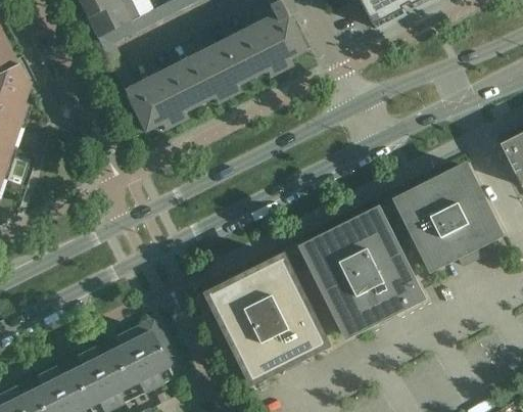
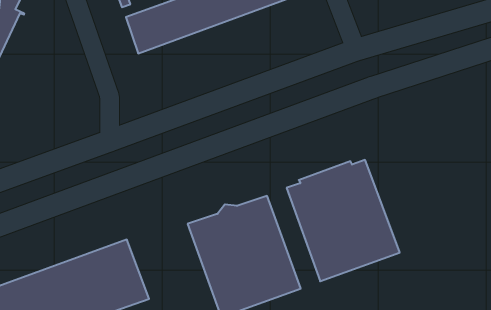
building: [399,166,503,268] -> none

